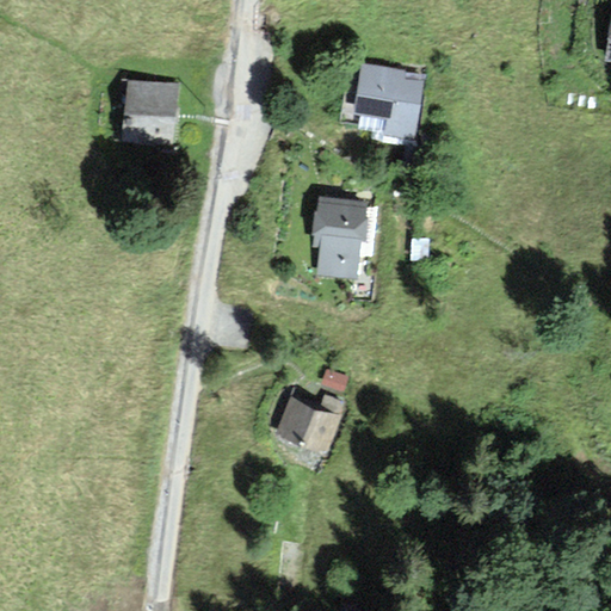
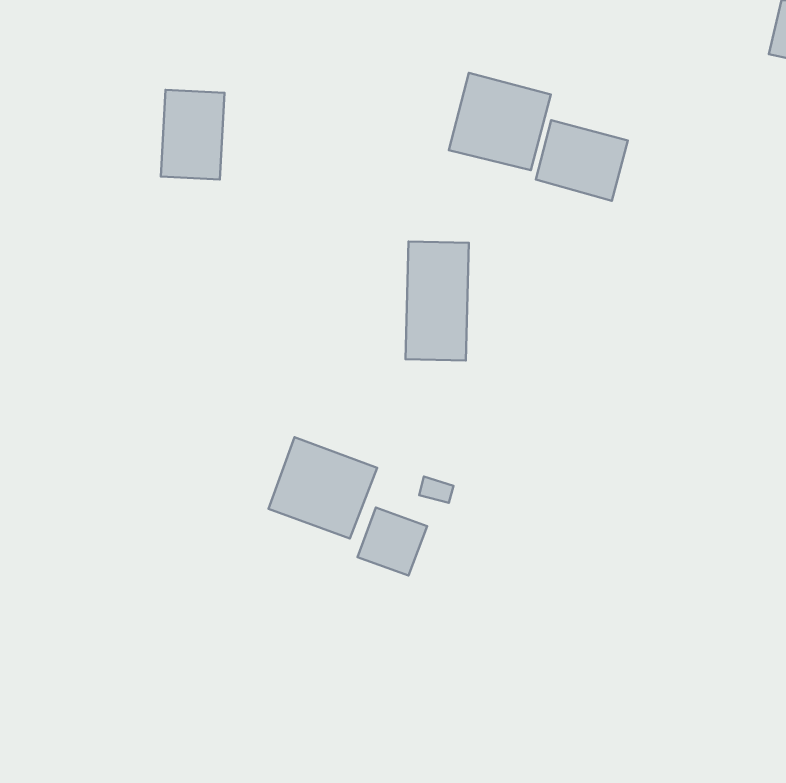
building: none -> [536,120,628,201]
building: none -> [268,437,377,538]

